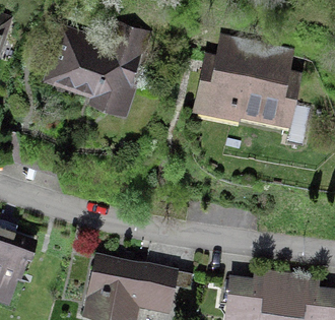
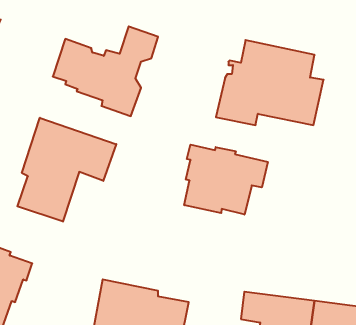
building: none -> [17,118,116,222]
building: none -> [184,145,268,215]

